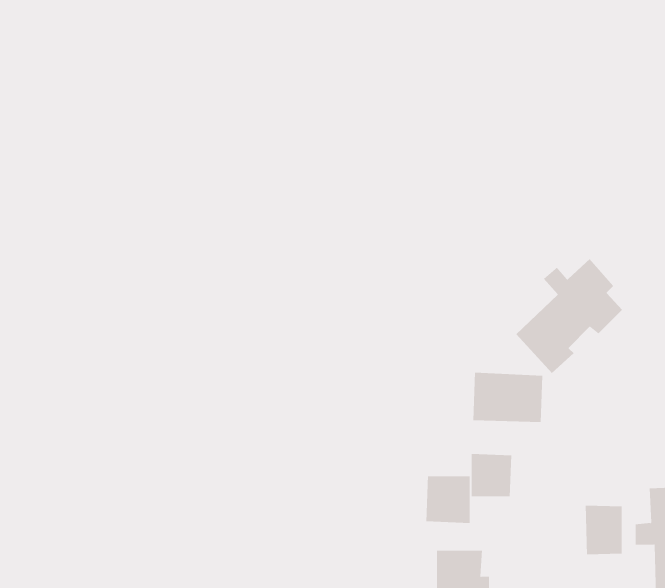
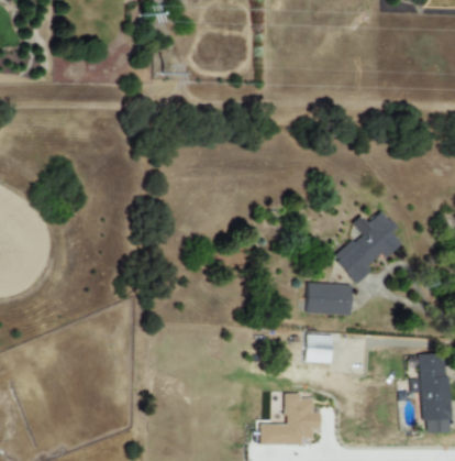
building: [426,476,470,524] -> none
building: [585,505,622,555] -> none

